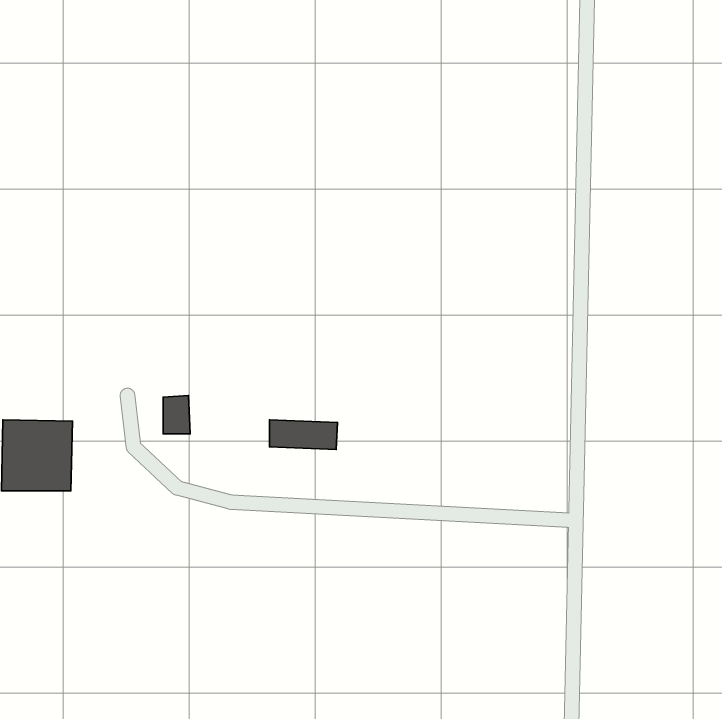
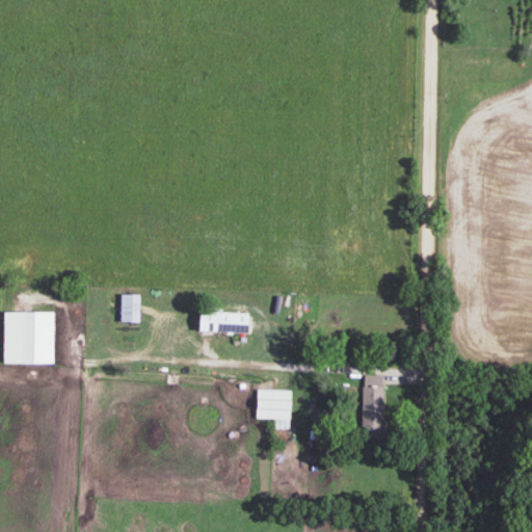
building: none -> [363,376,384,437]
building: none -> [257,390,292,420]

